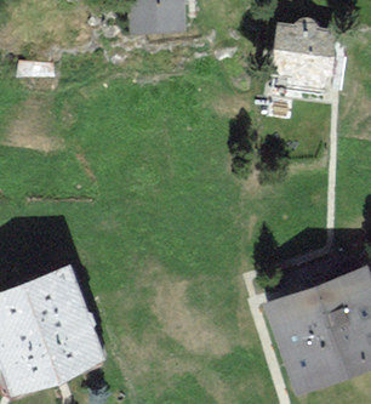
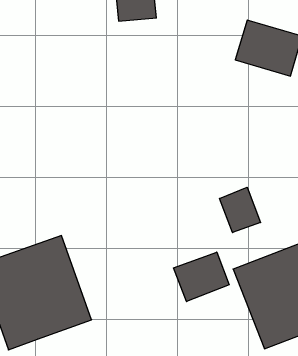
building: none -> [220,187,261,233]
building: none -> [174,252,229,302]

